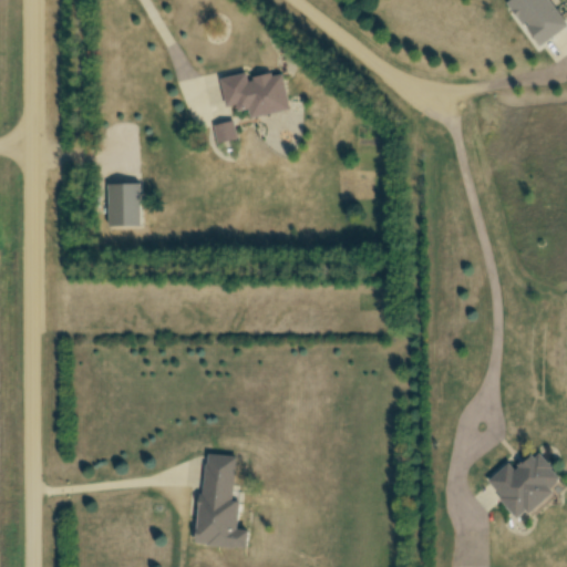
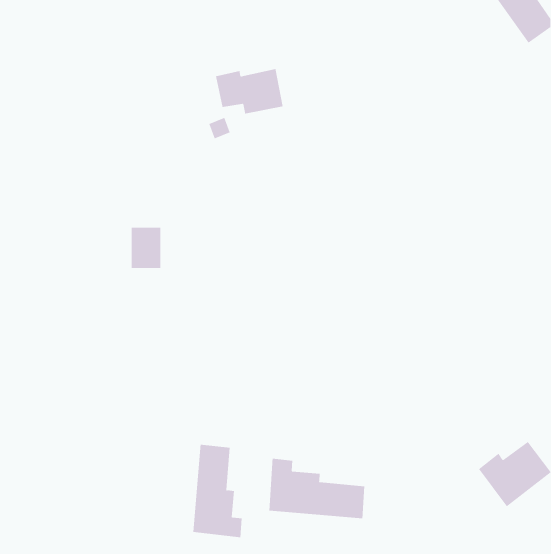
building: [107,183,138,225] -> [131,227,161,269]
building: none -> [269,458,365,519]

